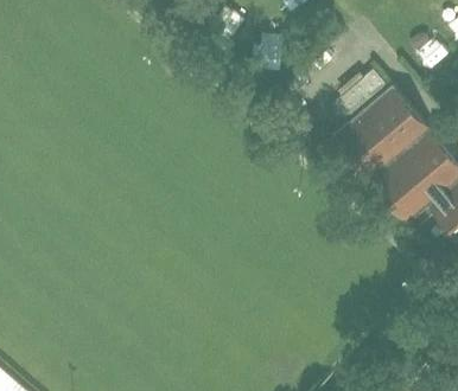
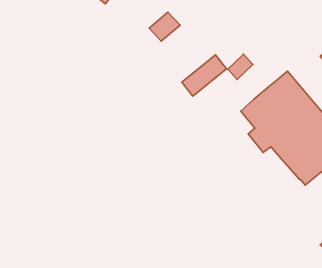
building: [349,84,406,136] -> [182,55,227,96]

